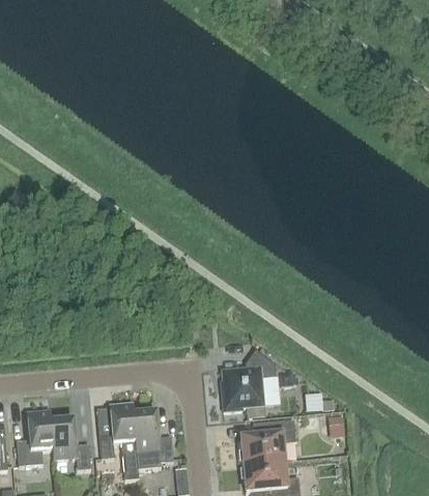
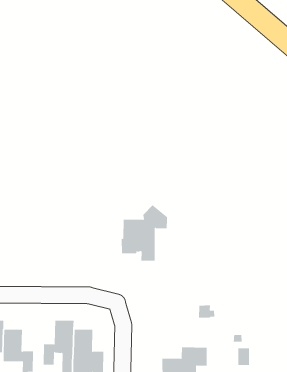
building: [221,349,275,417] -> [121,204,168,261]

